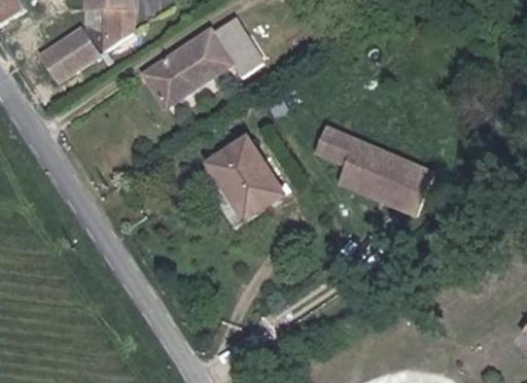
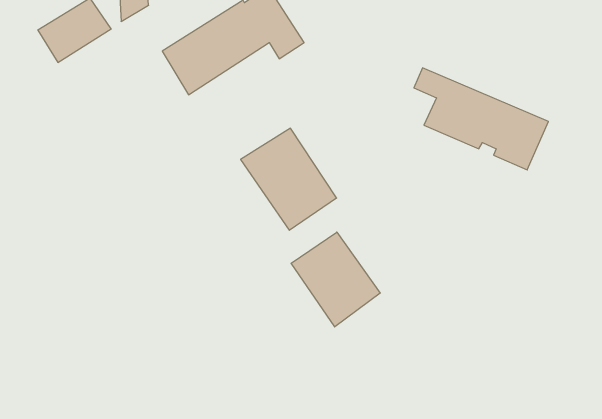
building: [323,129,434,213] -> [414,68,548,170]
building: none -> [291,232,380,327]

